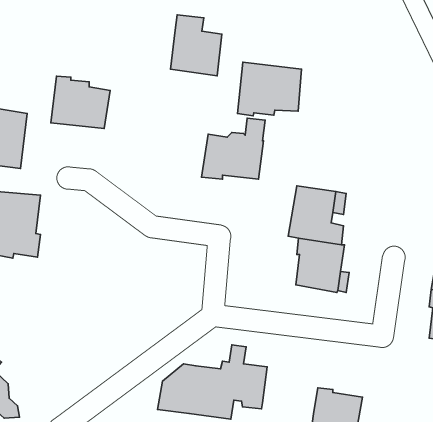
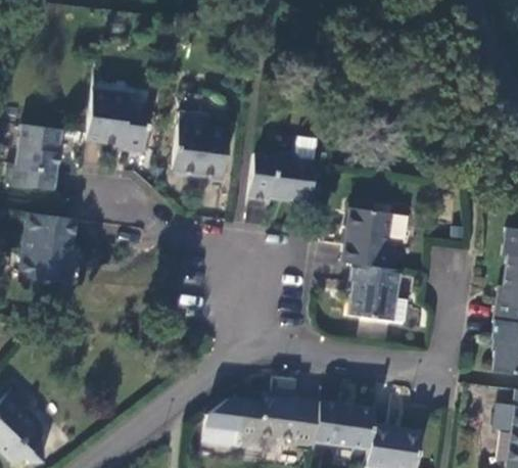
building: [170,15,222,76] -> [174,111,229,177]
building: [238,62,302,116] -> none
building: none -> [313,402,374,450]

